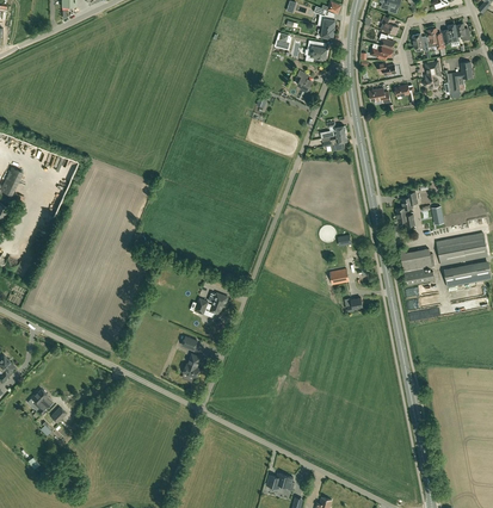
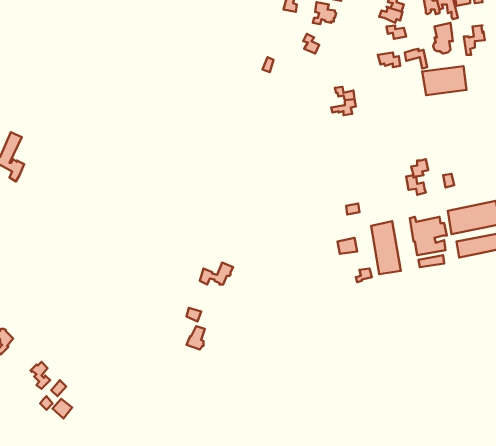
building: none -> [422,66,466,95]
building: none -> [371,221,401,274]

